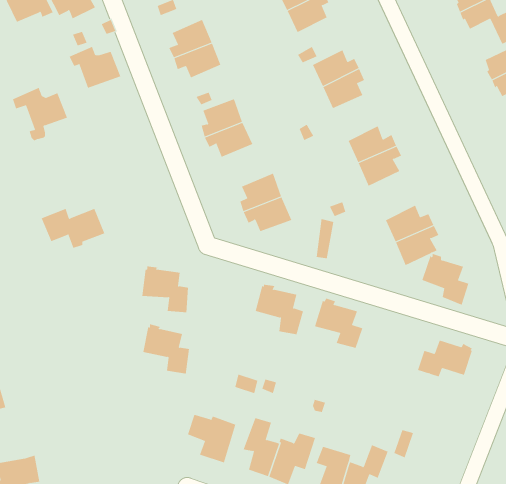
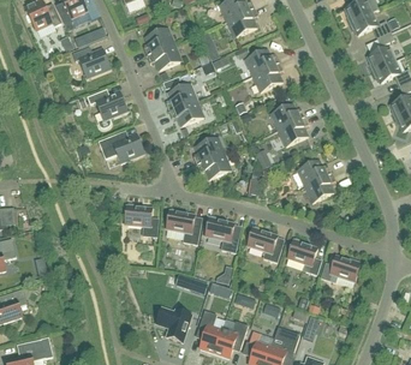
building: [12,87,68,141] -> [87,89,126,127]
building: [41,208,105,249] -> [97,134,143,163]
building: [422,253,469,305] -> [287,238,321,275]
building: [142,324,190,374] -> [166,208,199,244]

